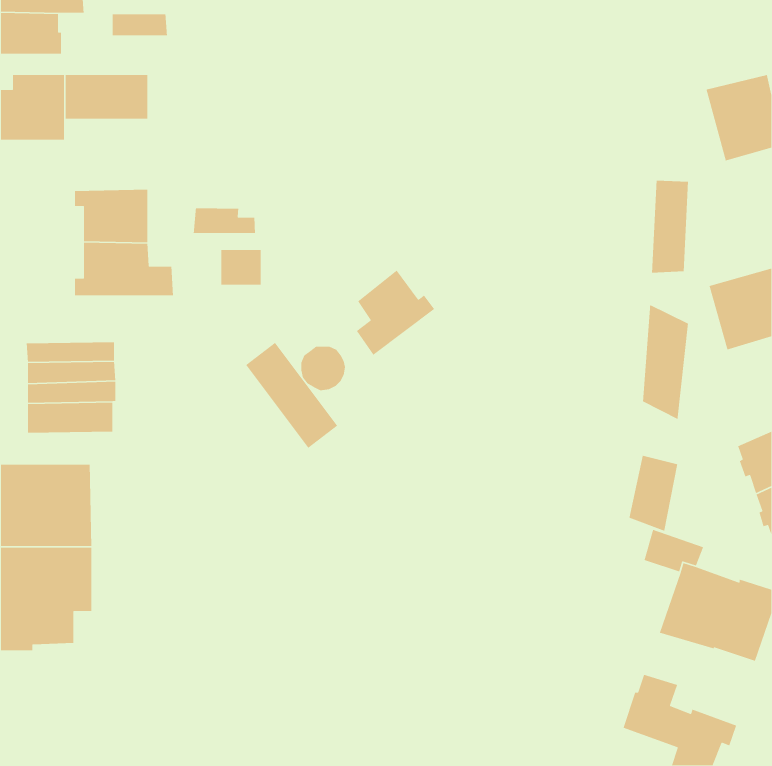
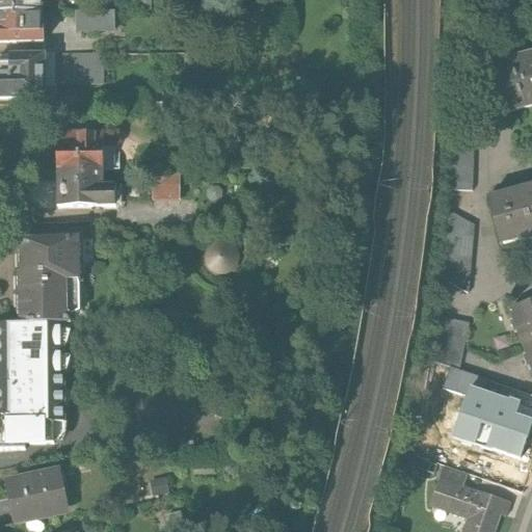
building: [193,208,256,234] -> none
building: [356,270,435,356] -> none
building: [245,342,338,449] -> none
building: none -> [19,297,78,319]
building: none -> [10,469,69,523]

